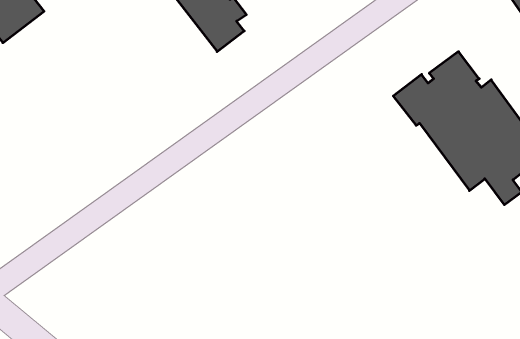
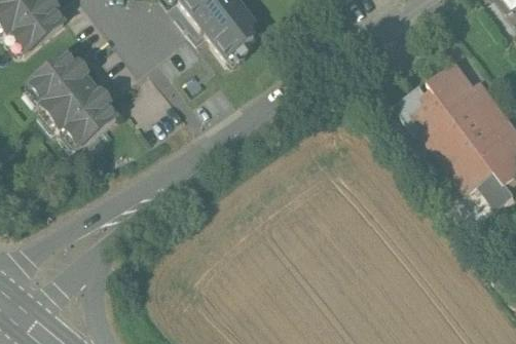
building: none -> [28,48,118,144]

